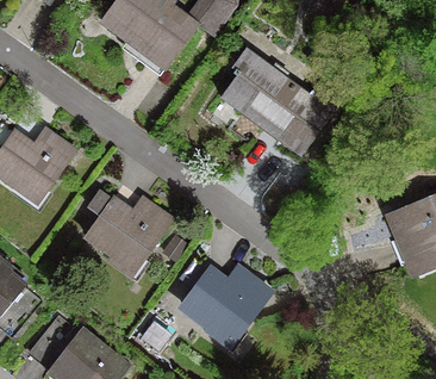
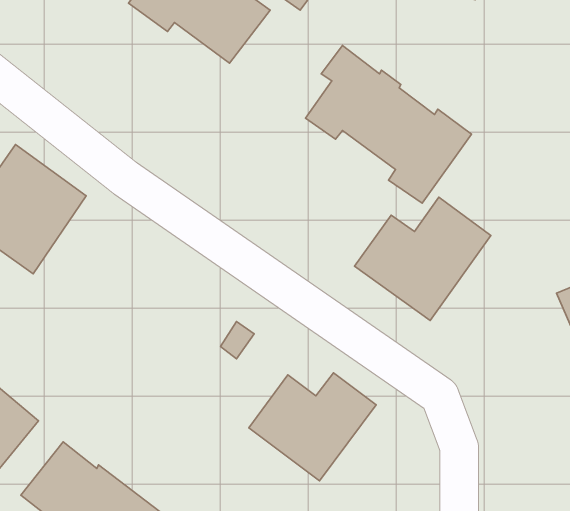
building: none -> [355,197,491,321]
building: [83,186,169,273] -> none

